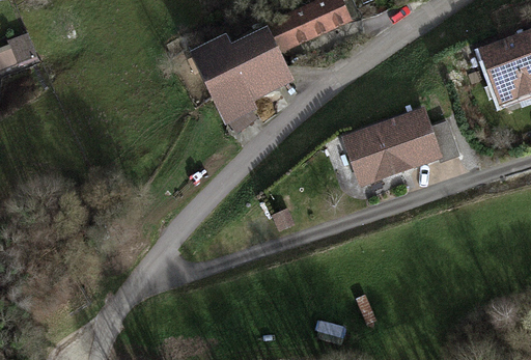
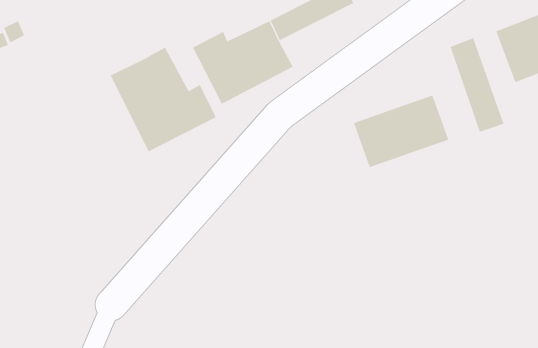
building: none -> [450,37,504,132]
building: none -> [110,47,217,152]

